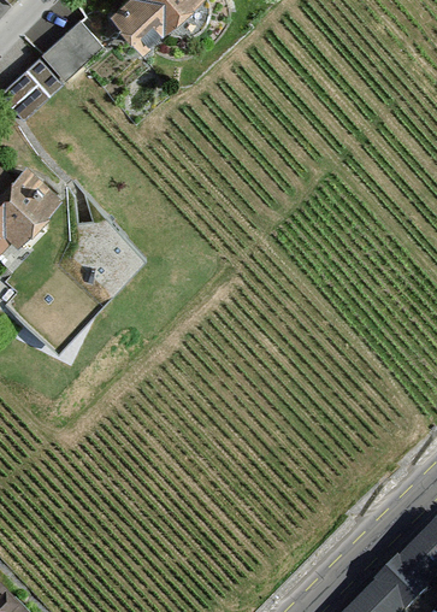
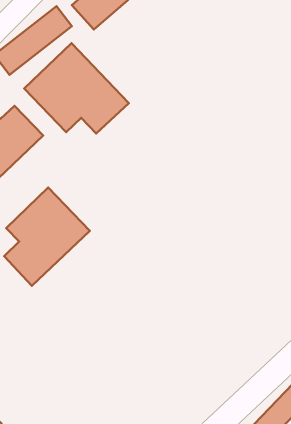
building: none -> [24,43,129,134]
building: none -> [4,187,90,286]

